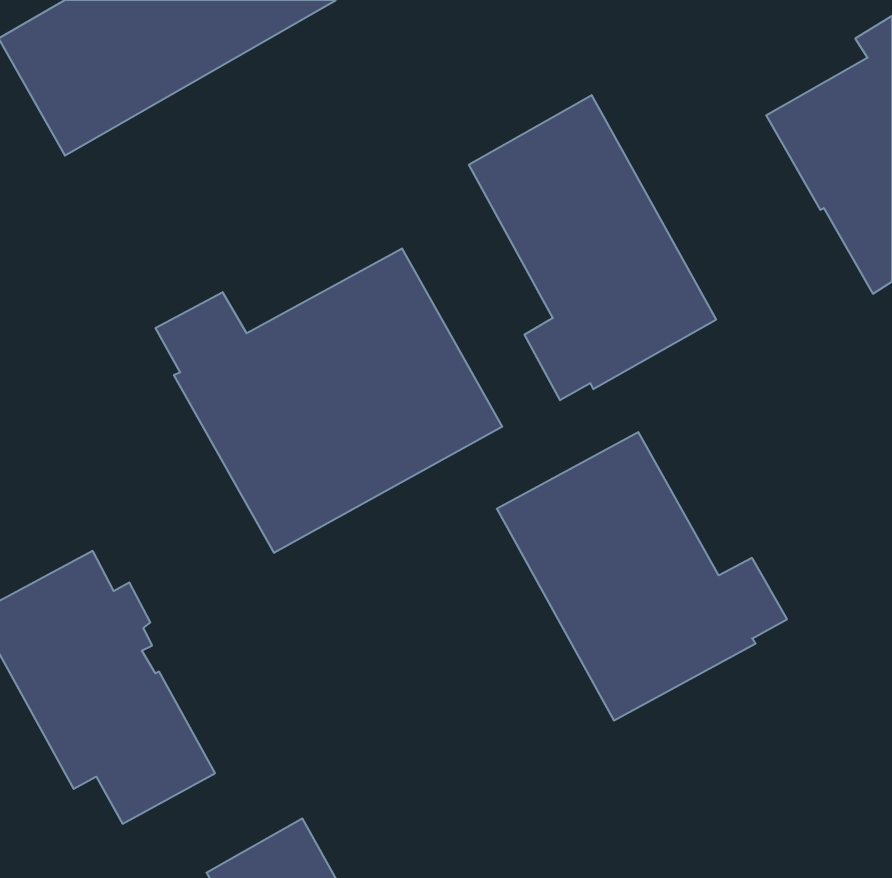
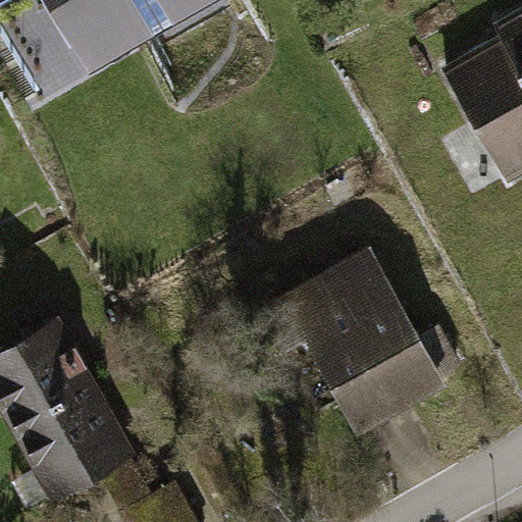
building: [469,95,716,400] -> none
building: [156,248,502,553] -> none

